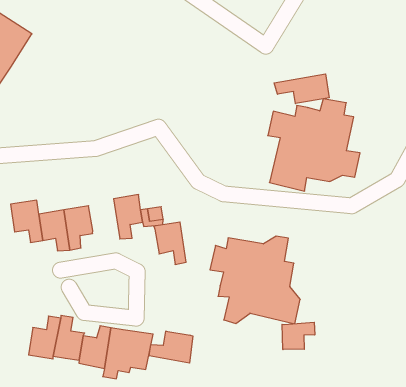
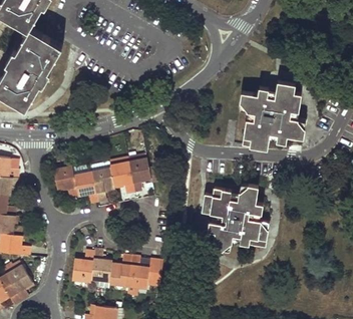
building: [274,74,329,104] -> none
building: [154,222,186,264] -> [109,164,134,195]
building: [282,322,315,350] -> none
building: [149,331,193,363] -> none

